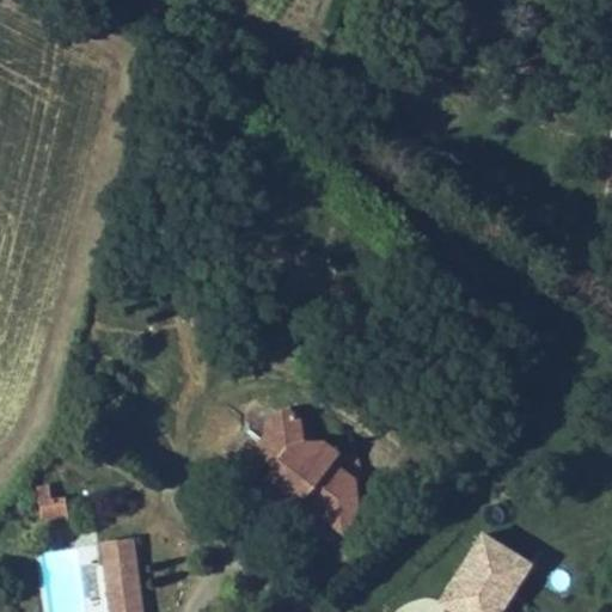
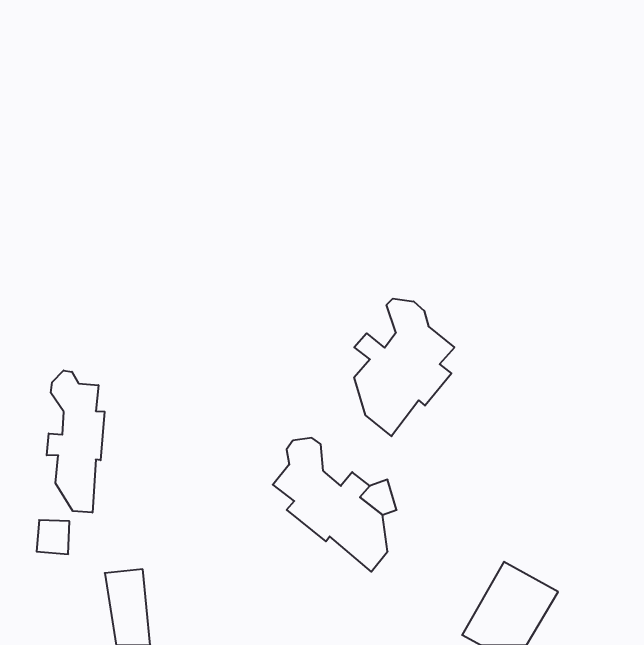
building: none -> [354,299,454,436]
building: none -> [47,370,105,513]

